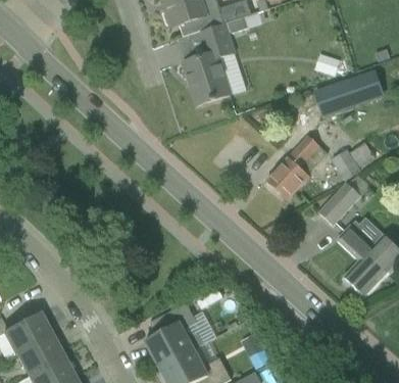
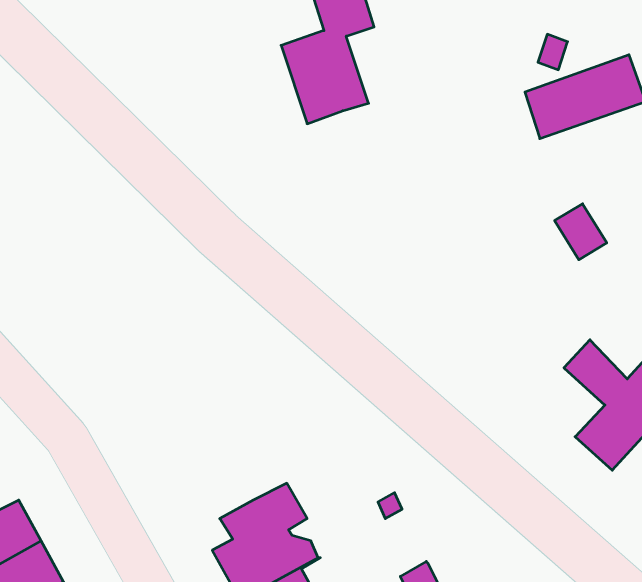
building: [266,135,329,199] -> none
building: [319,176,368,226] -> none

